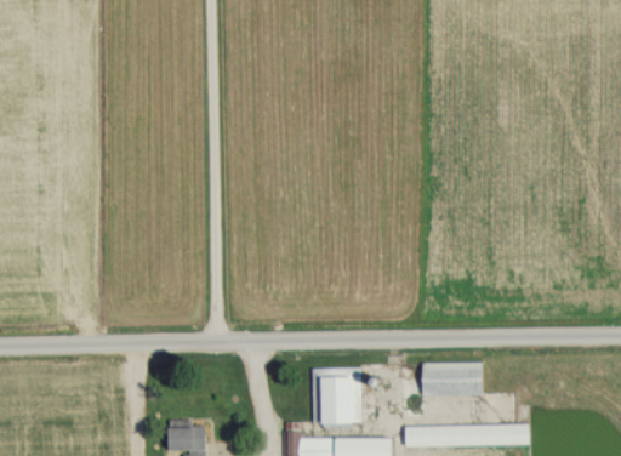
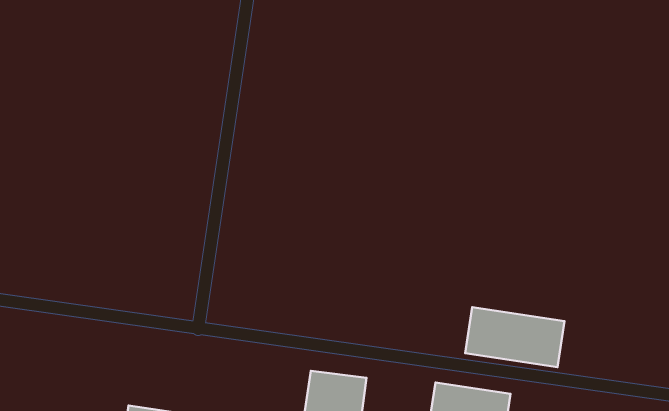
building: none -> [465,307,564,367]

